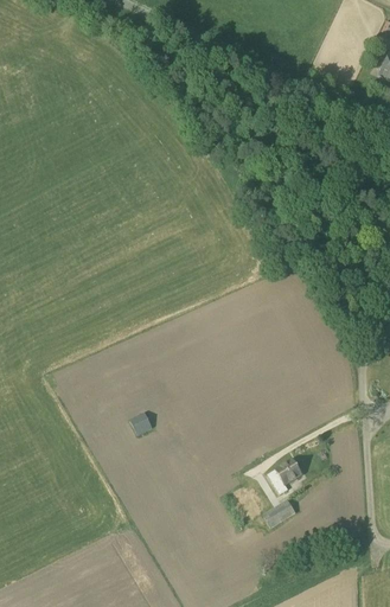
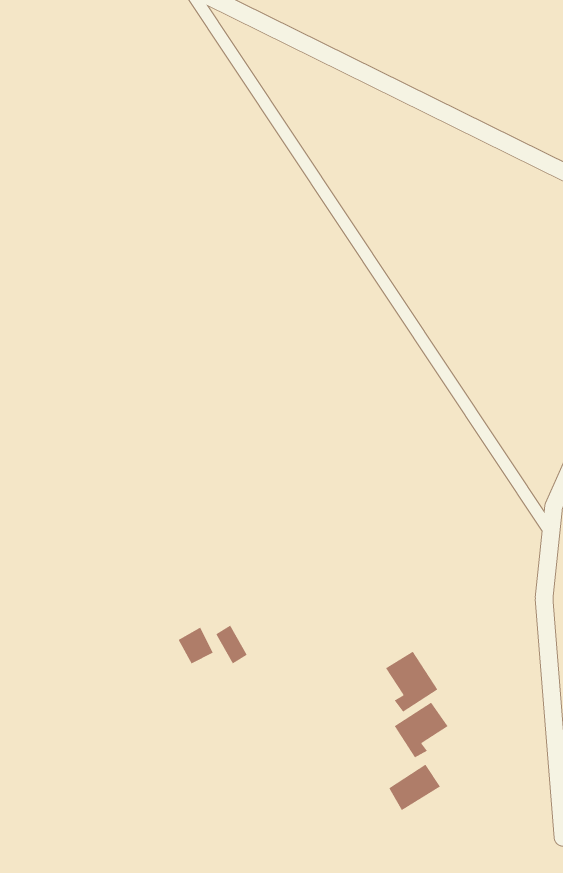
building: none -> [385,651,438,713]

